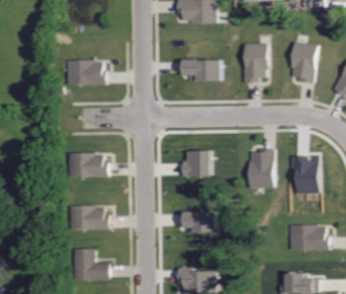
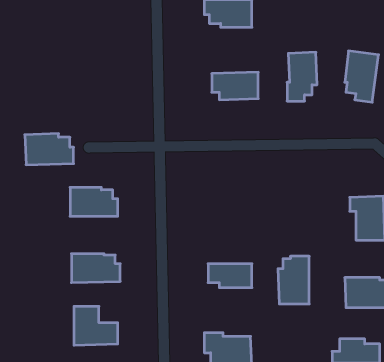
building: [66,59,106,85] -> [25,134,74,165]
building: [248,149,274,187] -> [278,256,309,304]
building: [181,151,211,176] -> none

